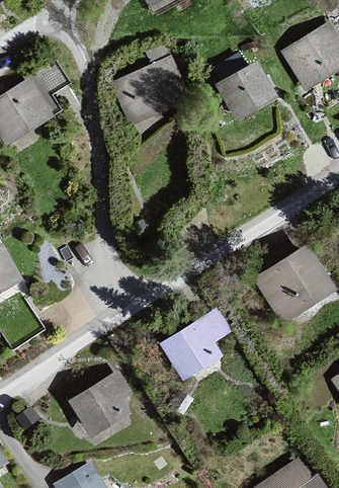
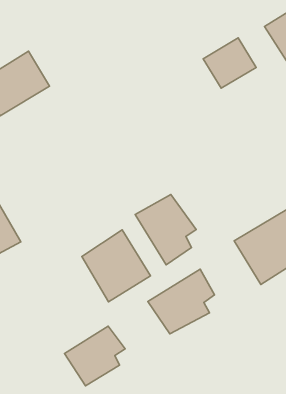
building: [115,60,186,123] -> none
building: none -> [135,194,196,265]
building: none -> [82,230,151,302]

